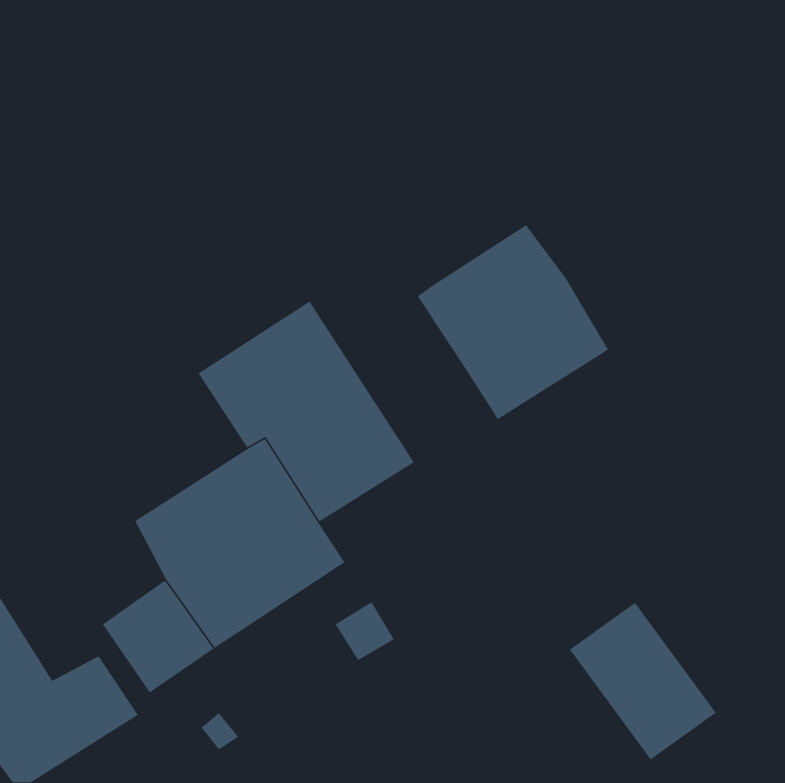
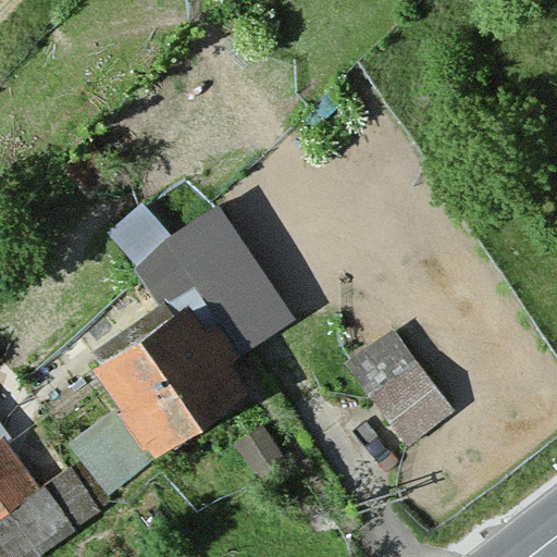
building: [417,224,609,420] -> none
building: [569,602,717,760] -> [345,329,449,441]

